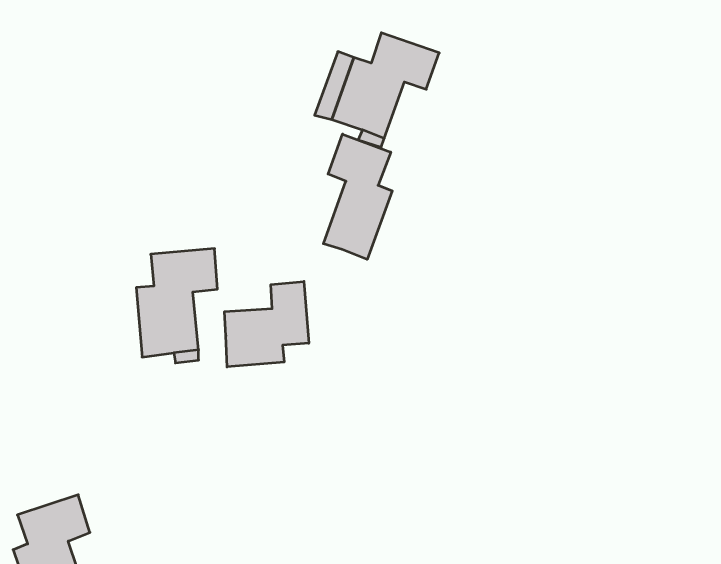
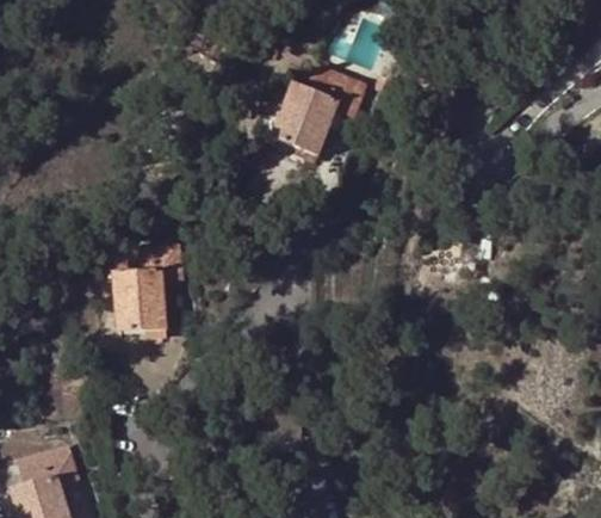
building: [323,134,392,259] -> none
building: [225,281,309,367] -> none

